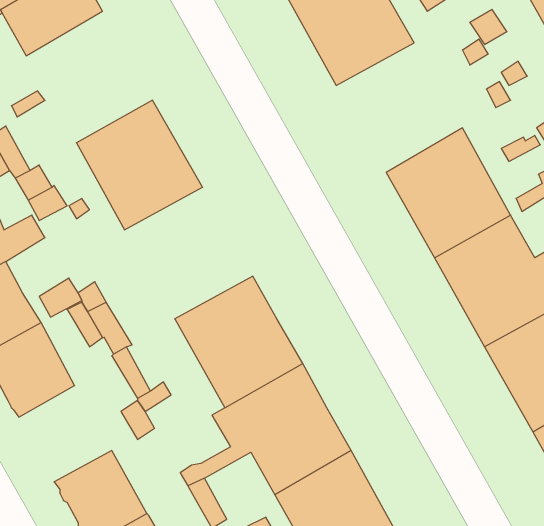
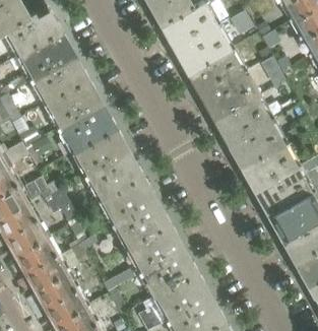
building: none -> [18,31,87,104]
building: none -> [188,49,257,120]
building: none -> [72,128,142,200]
building: none -> [14,237,65,289]

